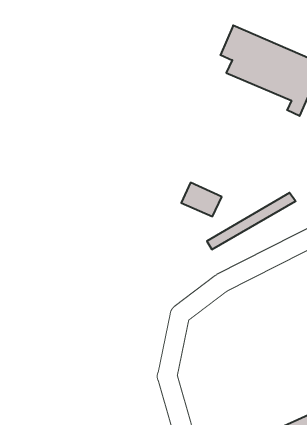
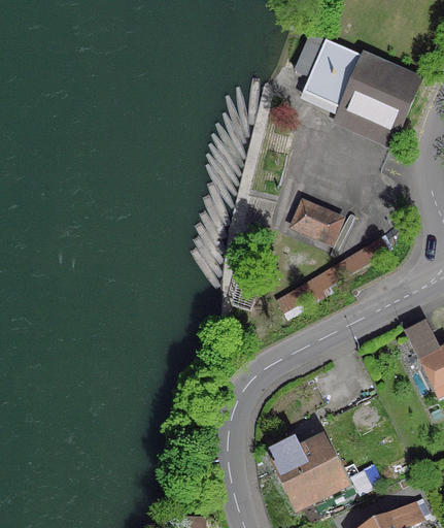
building: [181,183,222,216] -> [293,201,342,242]
building: none -> [272,441,344,507]

